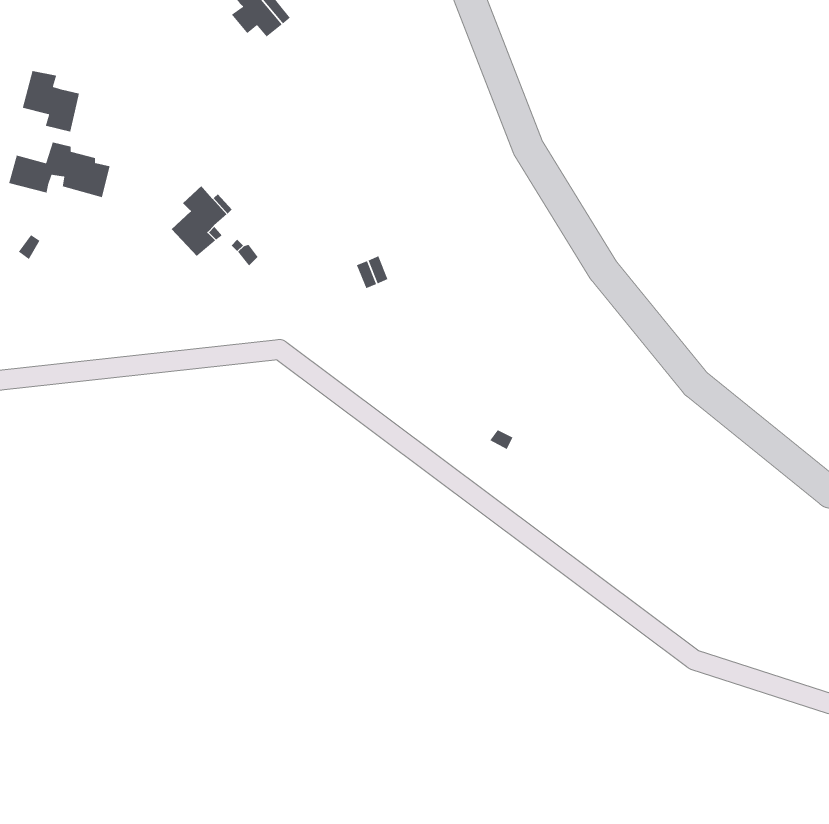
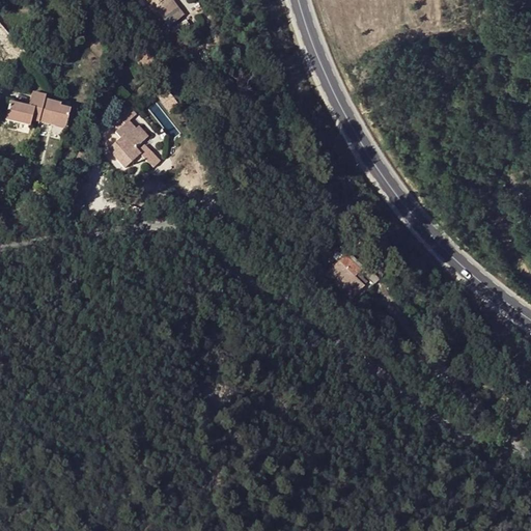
building: [22,70,80,133] -> none
building: none -> [330,253,365,295]

